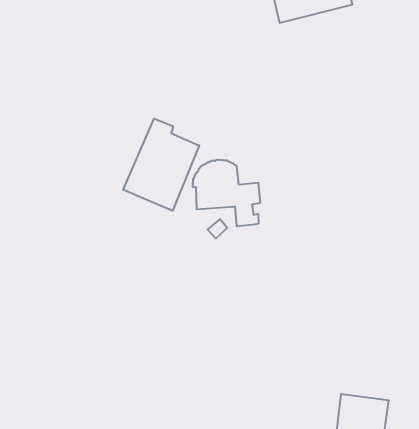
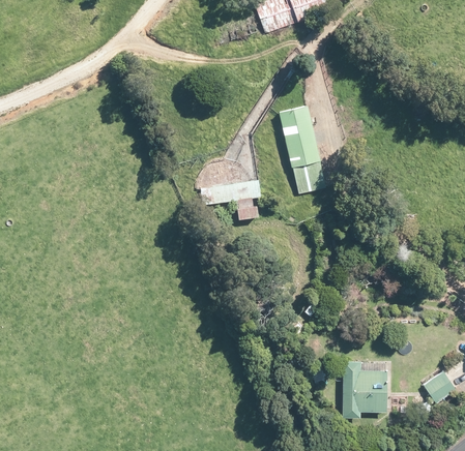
building: none -> [279,106,328,194]
building: [123,119,199,211] -> none

